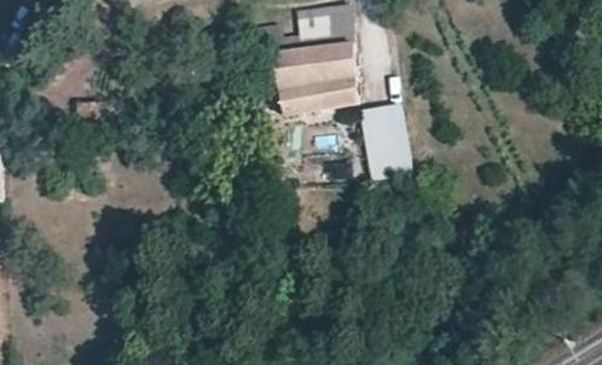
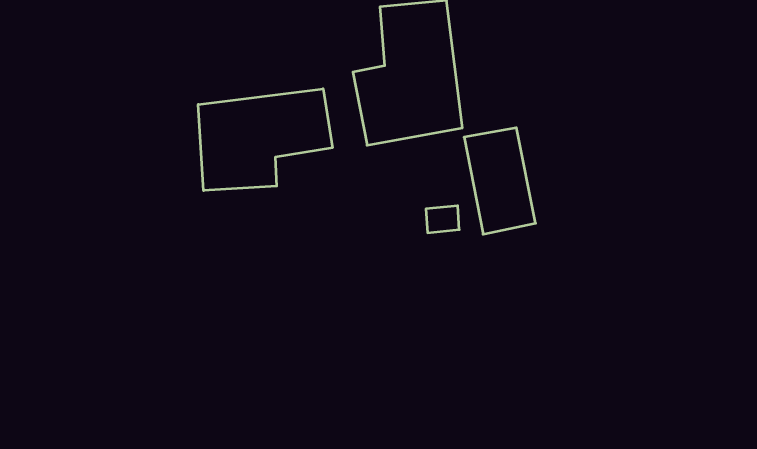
building: none -> [198,89,332,191]

